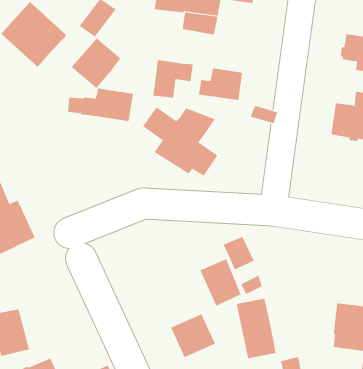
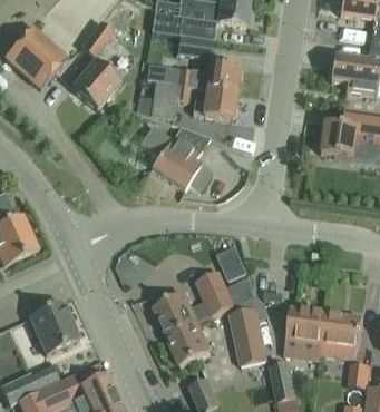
building: [67,88,134,122] -> [176,60,240,92]
building: none -> [154,293,196,335]
building: none -> [29,301,78,353]
building: none -> [283,306,324,360]

